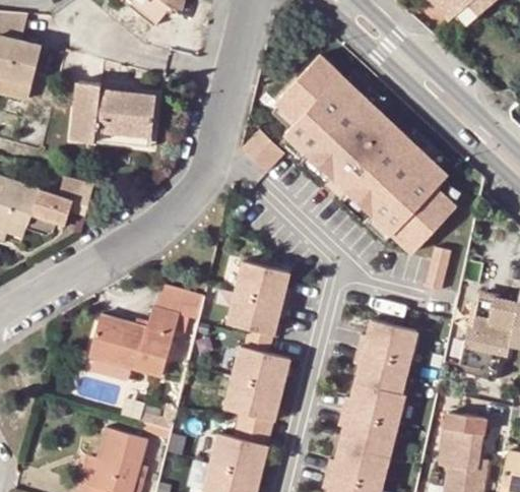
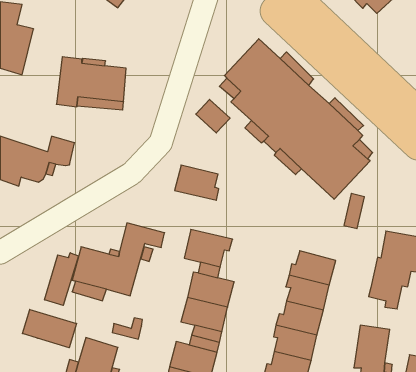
building: [237,262,291,306] -> [175,165,219,200]
building: none -> [45,253,79,305]
building: none -> [22,309,77,348]

